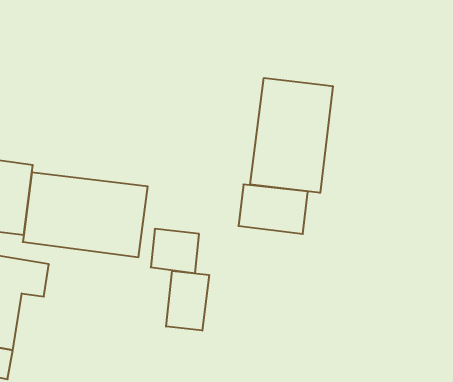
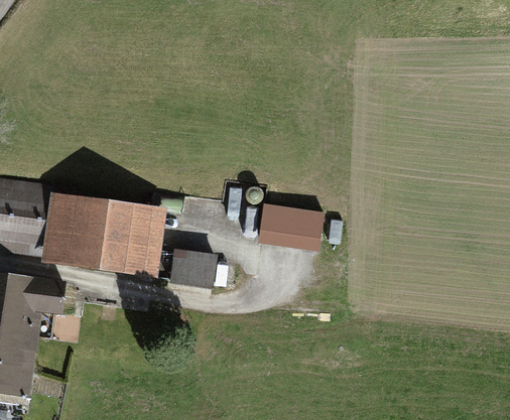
building: [250,78,333,193] -> none
building: [166,271,209,331] -> none

